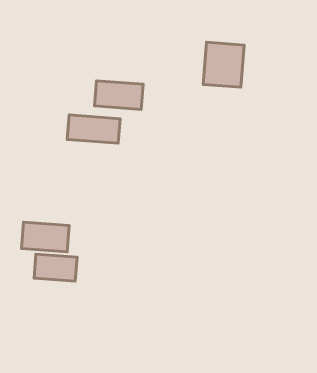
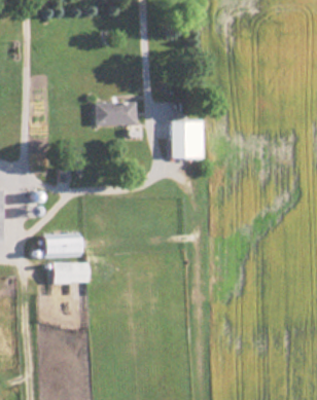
building: [203,42,244,87] -> [169,120,203,158]
building: [67,115,120,143] -> none

